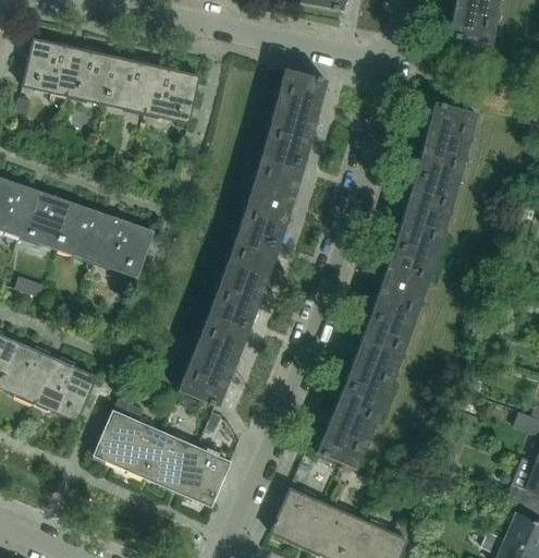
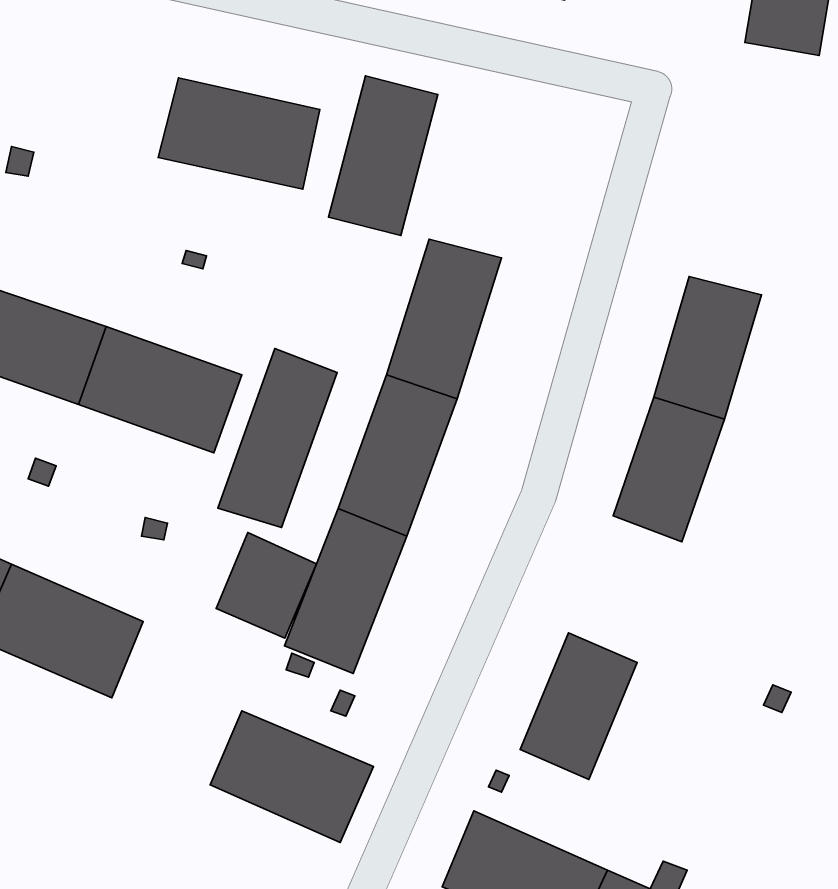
building: [23,38,117,104] -> none
building: [264,69,328,162] -> [328,76,438,236]
building: [416,101,477,184] -> none
building: none -> [218,348,337,528]
building: [345,314,412,400] -> none
building: [95,410,154,472] -> [216,532,316,638]

